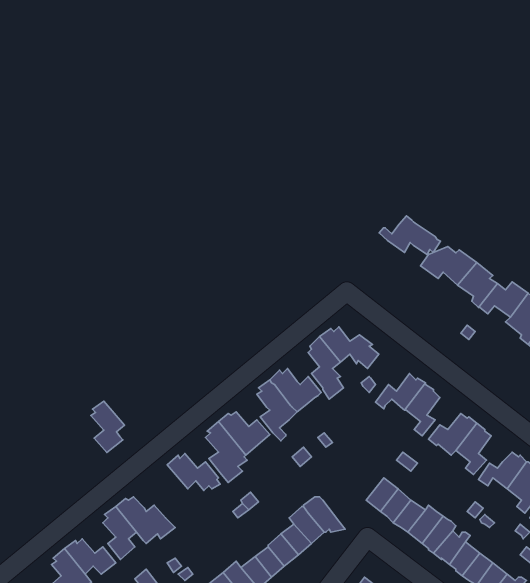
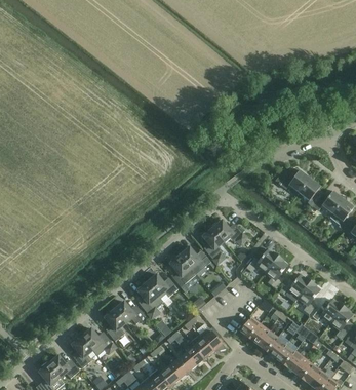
building: [379,216,440,254] -> none
building: [91,401,125,453] -> [105,308,126,341]

